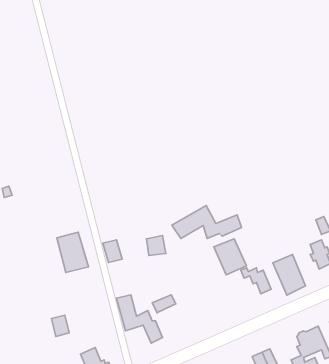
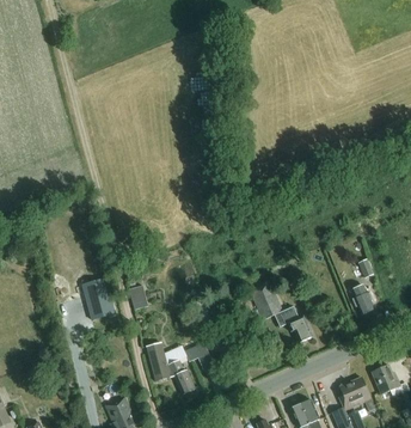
building: [172,206,241,239] -> none
building: [273,255,305,295] -> none

